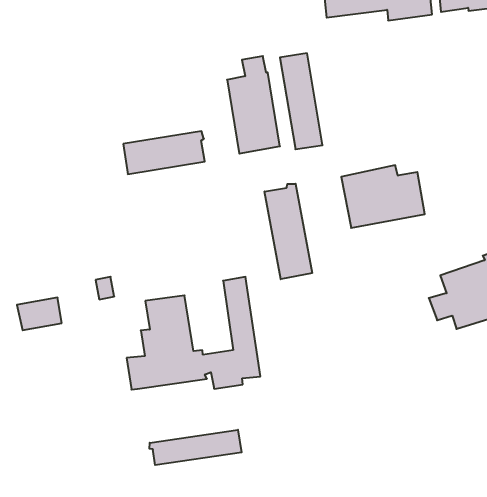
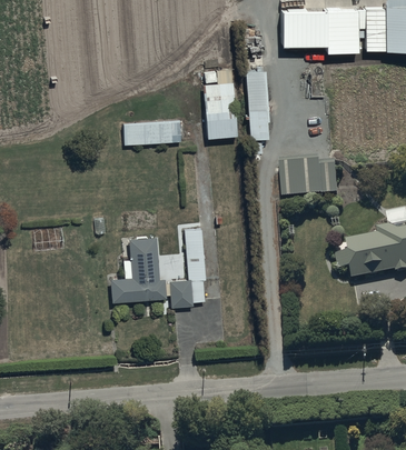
building: [265,184,312,279] -> none
building: [149,430,242,465] -> none

